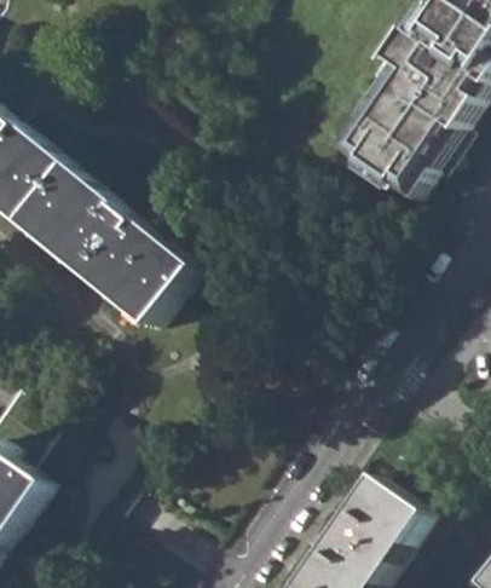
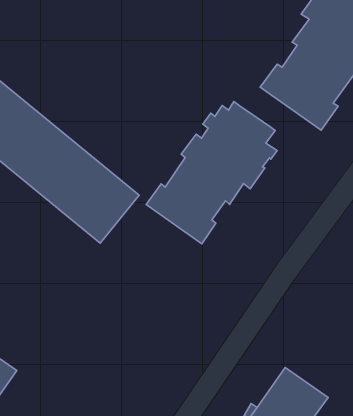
building: none -> [146,102,277,244]

